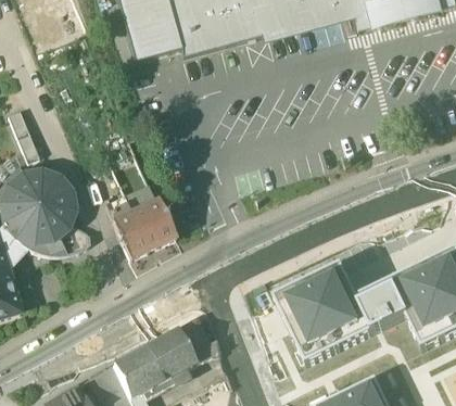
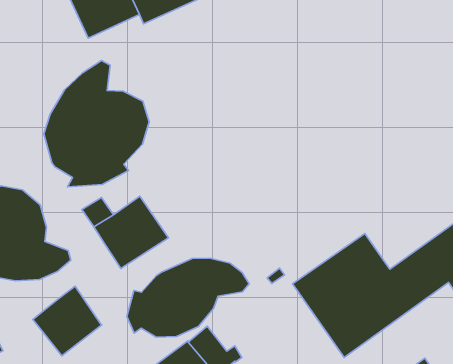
building: none -> [44,61,149,187]
building: none -> [127,258,249,337]
building: none -> [33,286,102,356]

